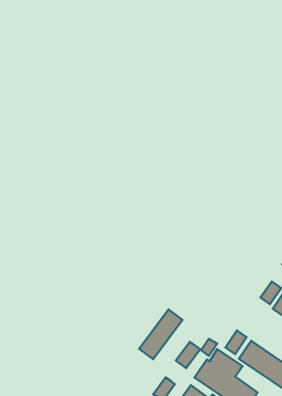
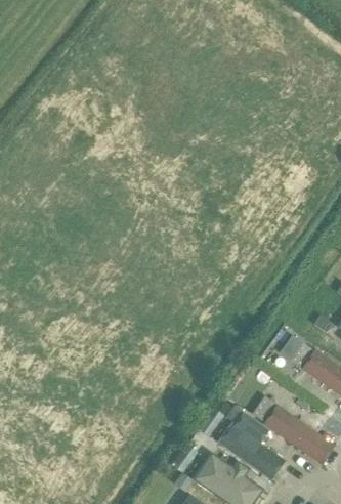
building: [139,309,183,359] -> none

